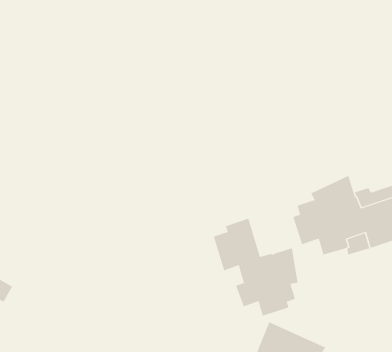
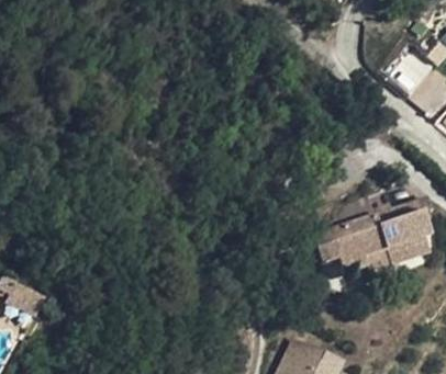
building: [213,218,298,317] -> none

